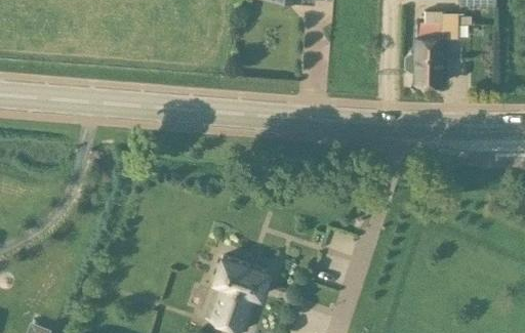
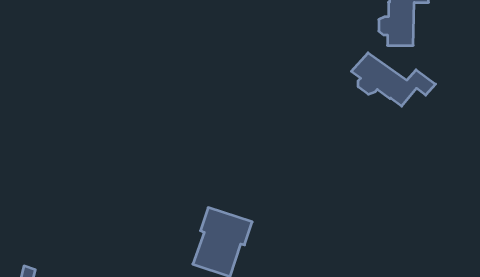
building: none -> [351,53,436,106]

